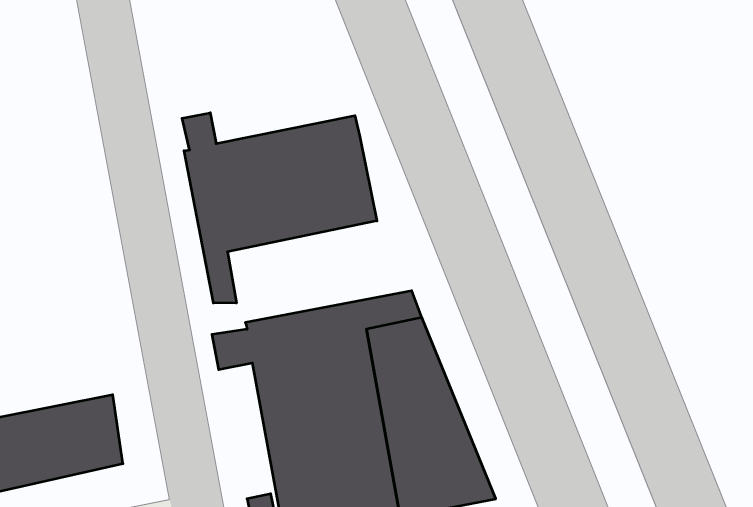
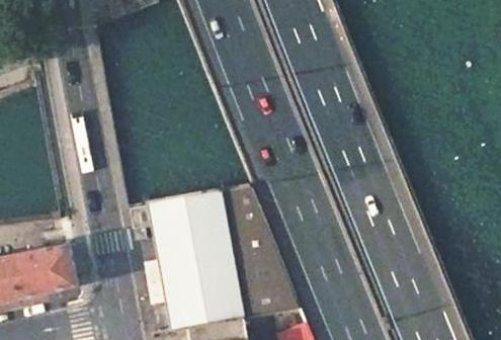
building: [182,113,377,303] -> none

